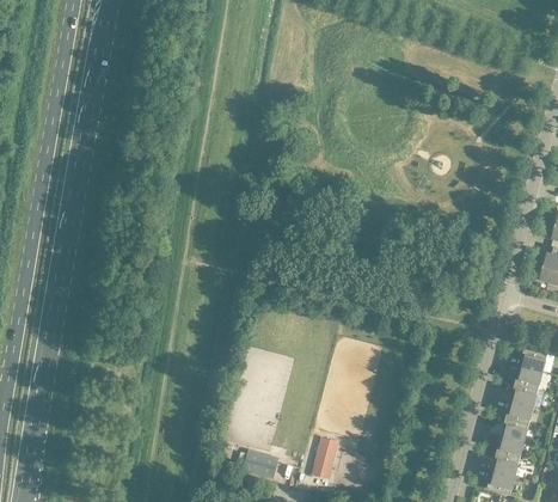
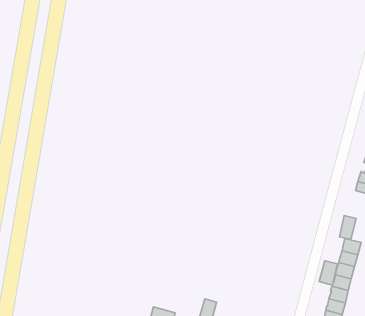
building: none -> [339,215,356,239]
building: none -> [319,261,337,285]

